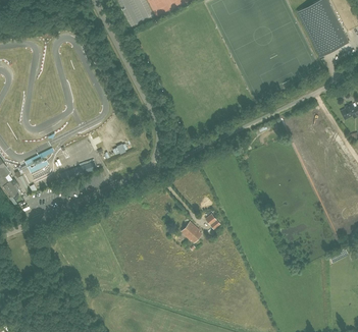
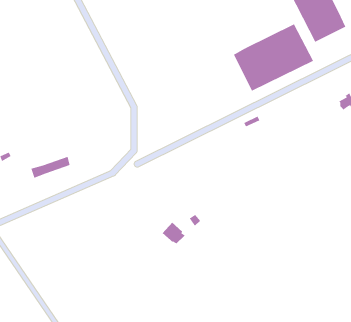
building: none -> [233,23,314,92]

